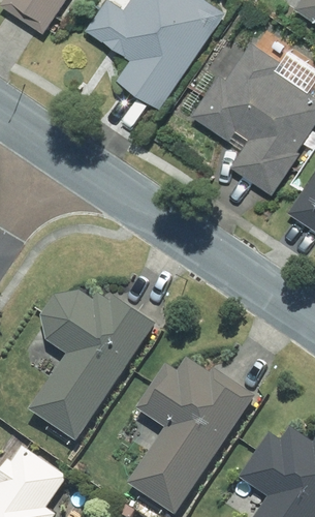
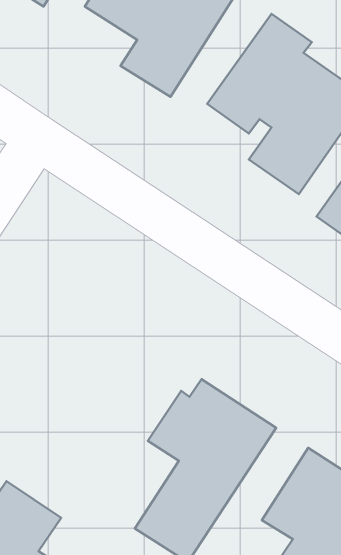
building: [28,292,155,442] -> none

